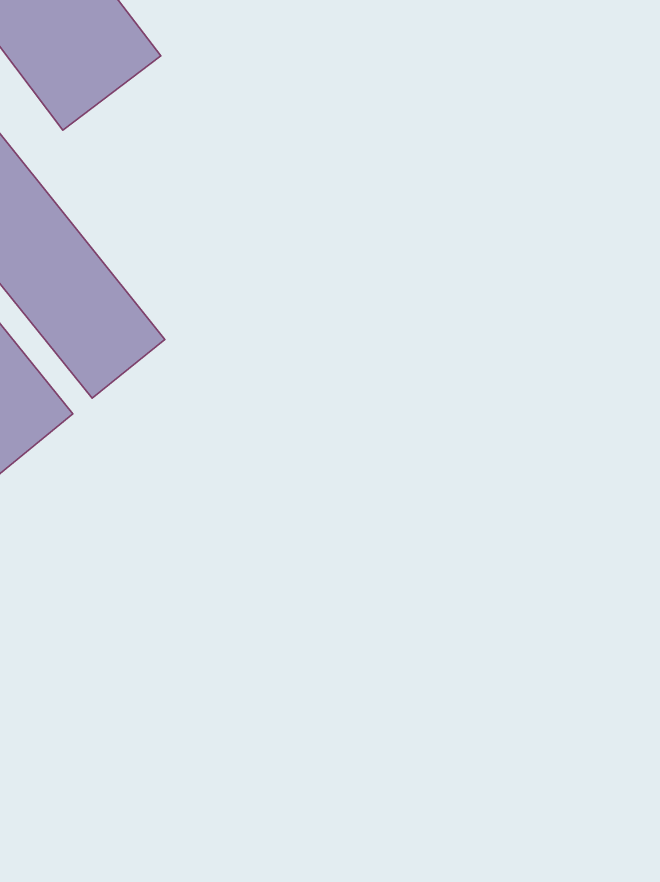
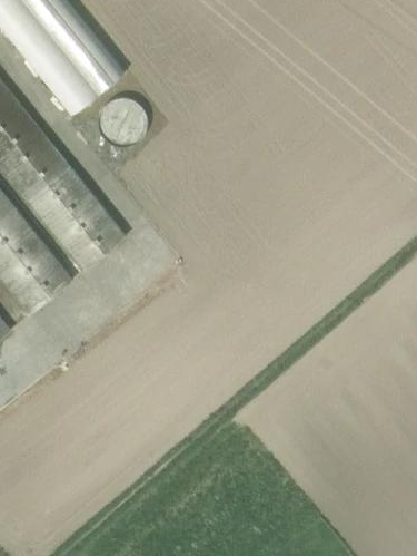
building: none -> [100,99,136,138]

